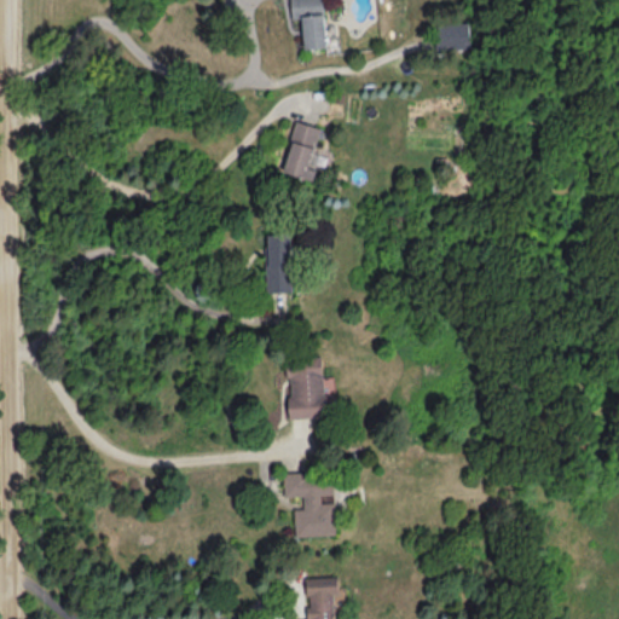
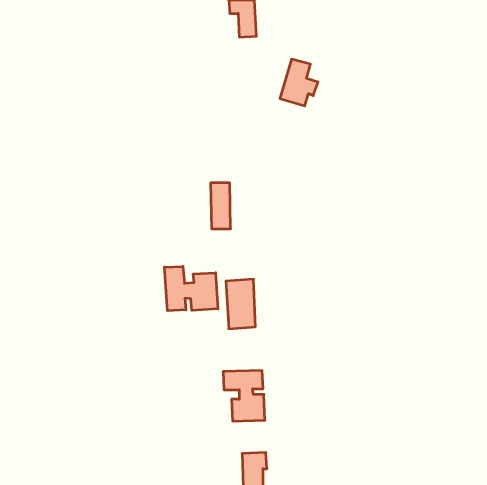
building: [433,24,472,53] -> none
building: [282,122,330,181] -> [280,59,318,106]
building: none -> [164,266,218,311]

